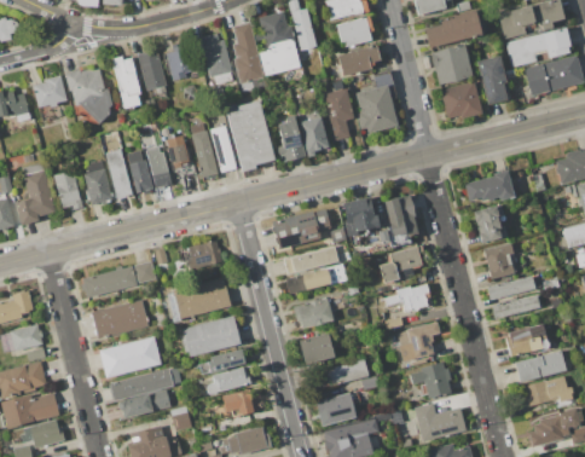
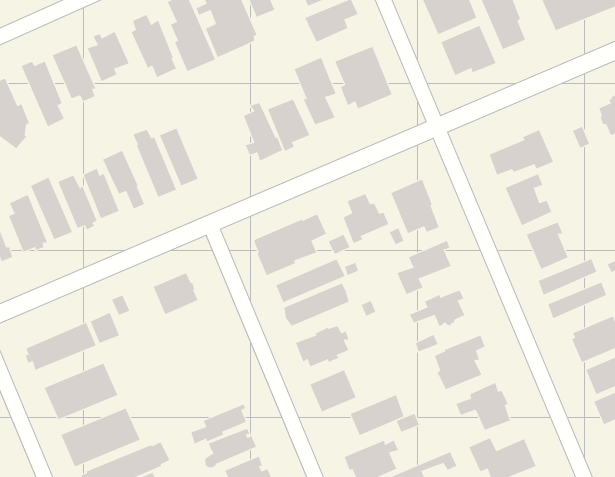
building: [227,102,274,172] -> none
building: [173,278,231,319] -> none
building: [180,316,241,357] -> none

